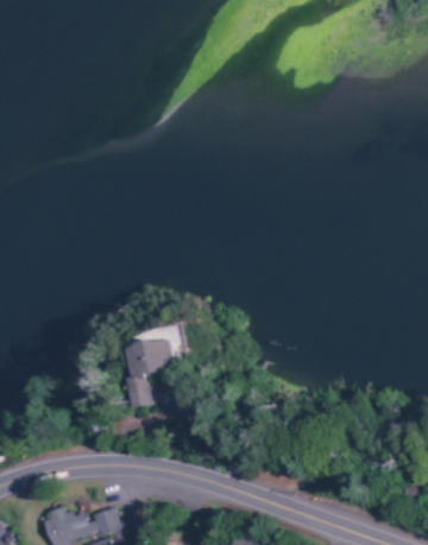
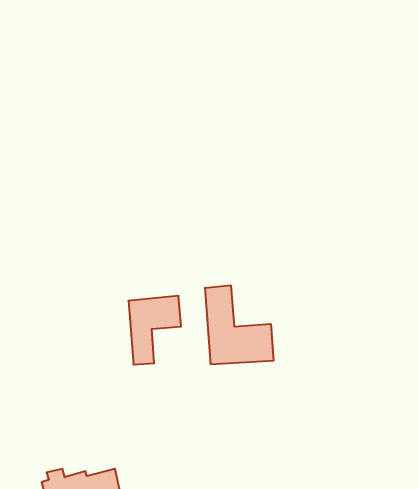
building: none -> [205,285,273,364]

